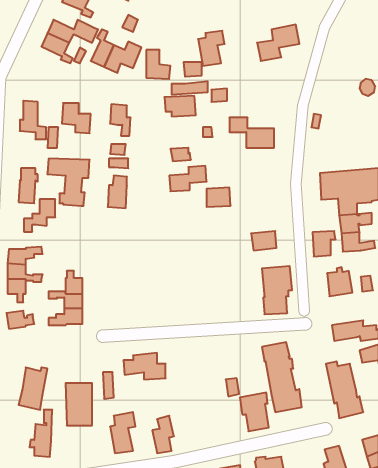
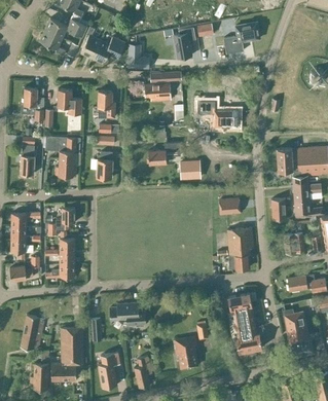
building: [24,199,55,232] -> [48,208,75,235]
building: [240,393,269,431] -> [173,336,197,369]
building: none -> [50,364,76,381]

